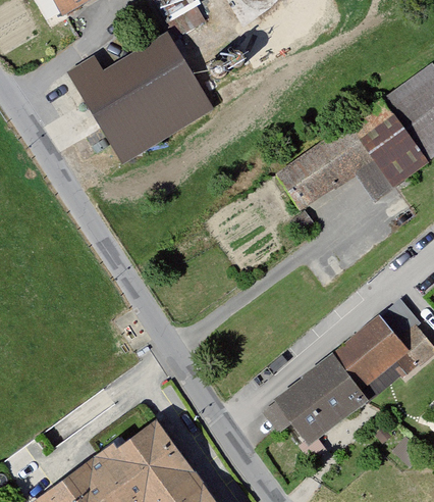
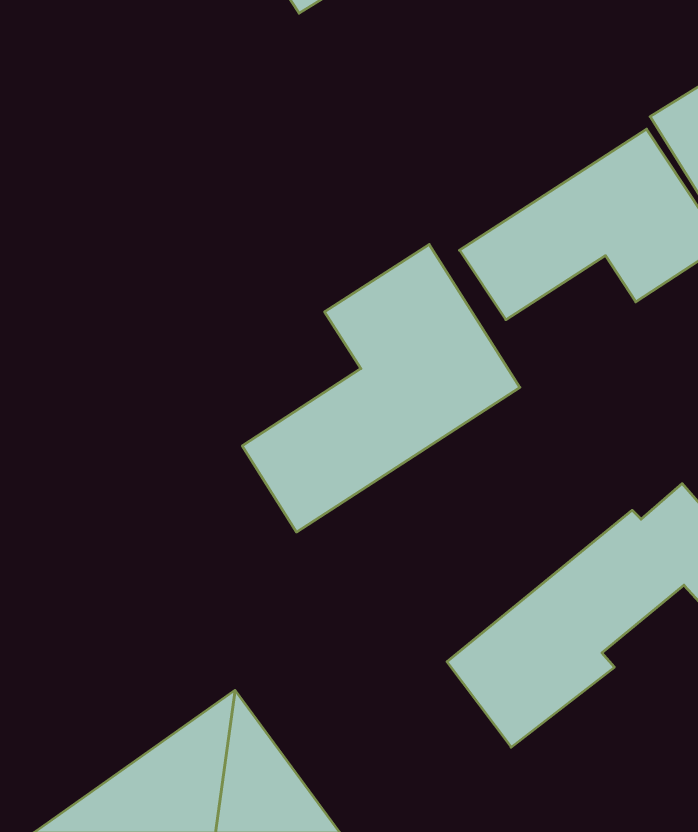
building: [72,35,219,169] -> none
building: none -> [242,244,520,532]

